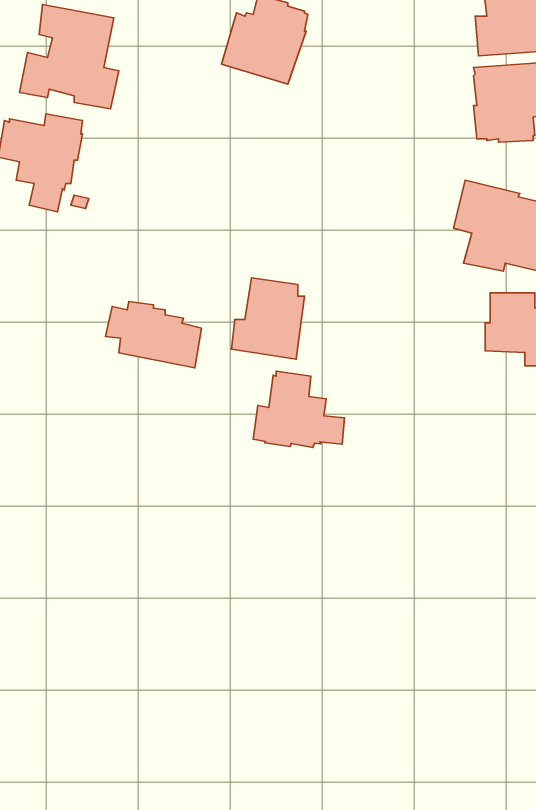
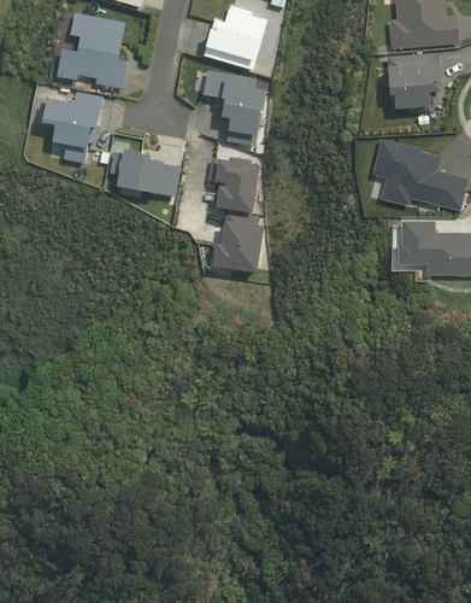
building: none -> [202,69,267,145]
building: none -> [207,156,260,210]
building: [105,302,202,368] -> [110,147,179,195]
building: [253,371,344,447] -> none

